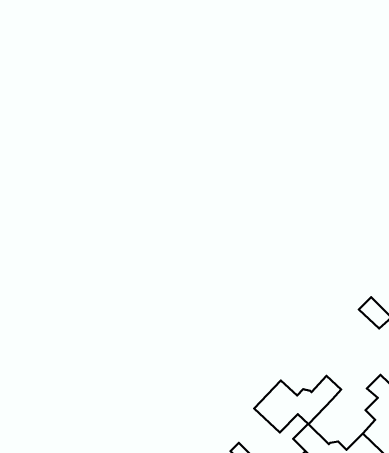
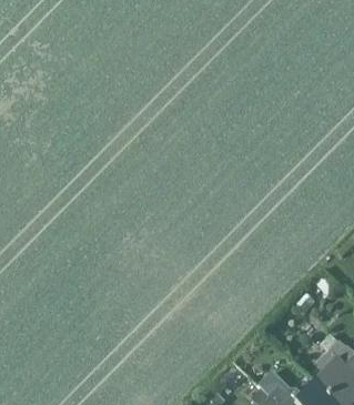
building: [254,376,341,432] -> none

